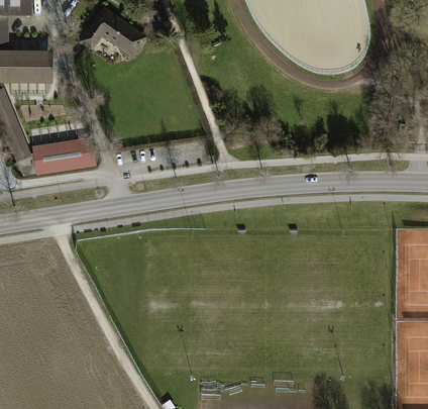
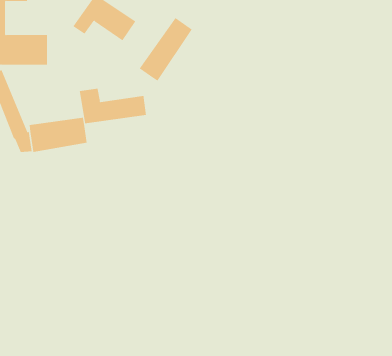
building: none -> [139,17,193,81]
building: none -> [79,88,146,124]

